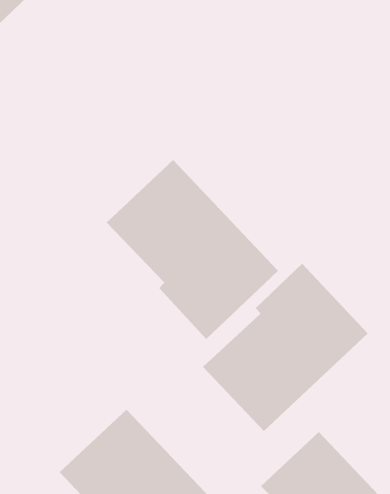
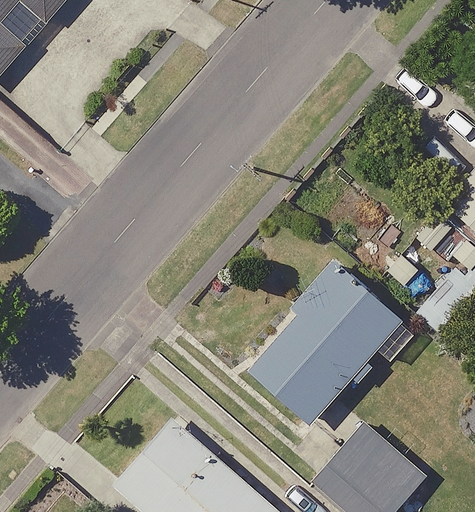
building: [106,159,279,340] -> none

